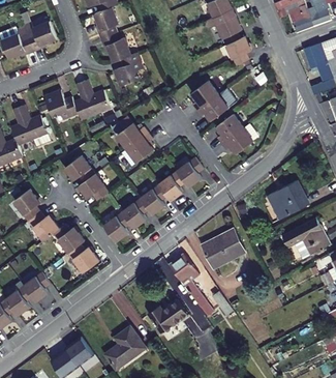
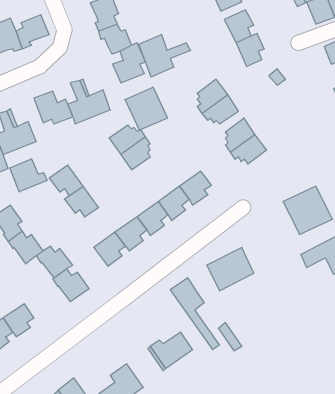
building: none -> [139,34,191,77]
building: none -> [125,87,168,130]
building: none -> [10,159,47,192]

